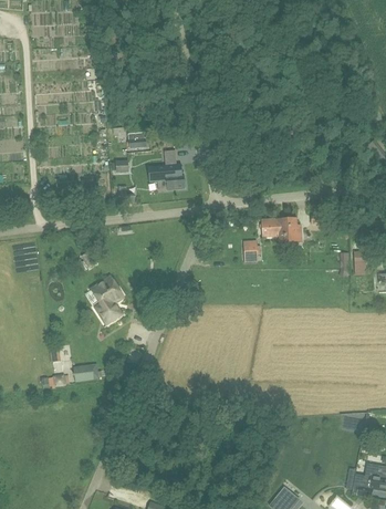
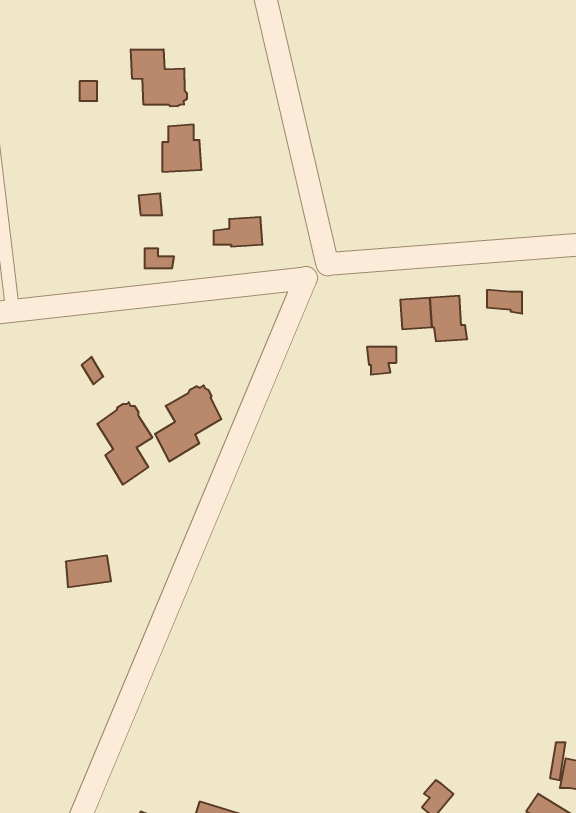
building: none -> [131,49,187,106]
building: none -> [155,385,221,462]

